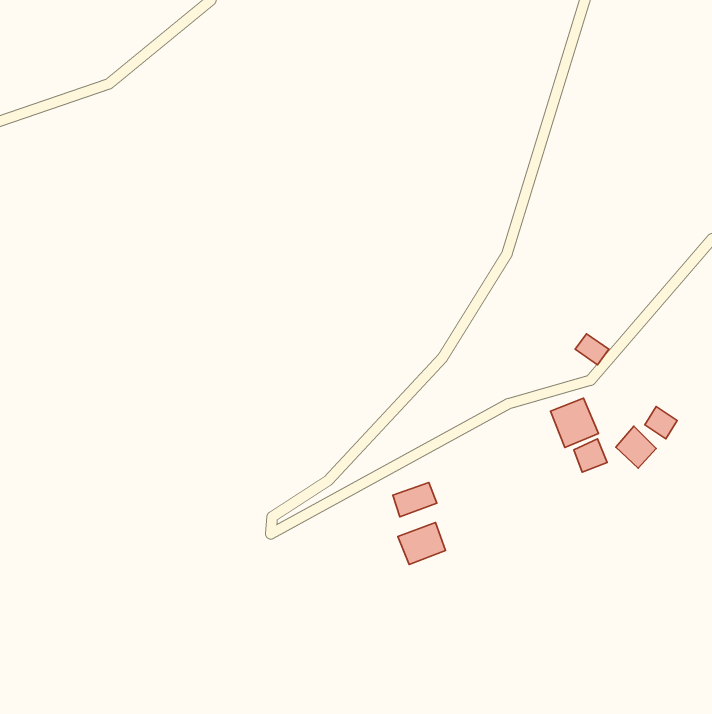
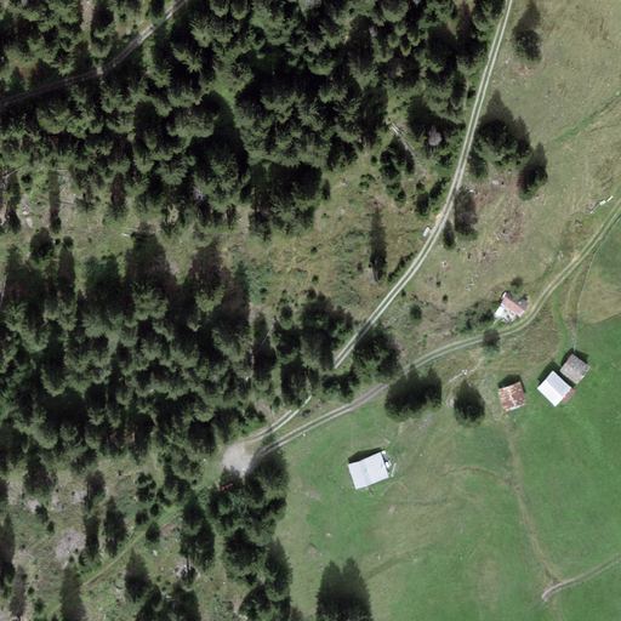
building: [551,398,599,447] -> none
building: [393,482,437,517] -> none

